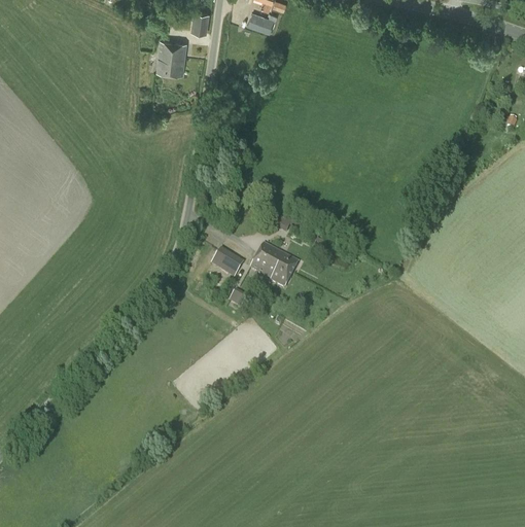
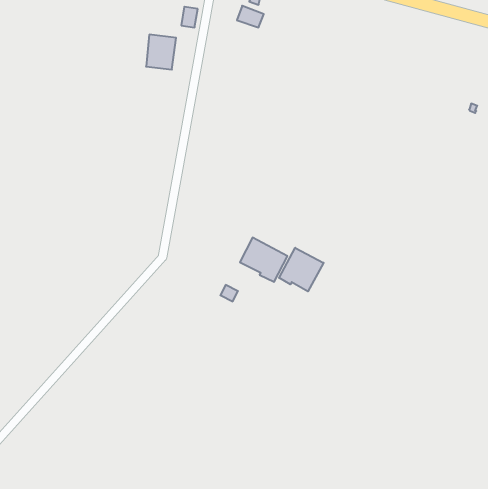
building: [211,247,243,281] -> none
building: none -> [279,248,324,291]

